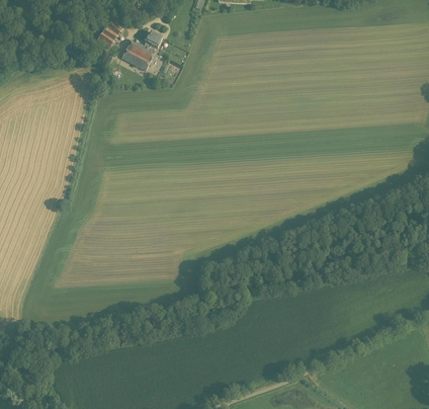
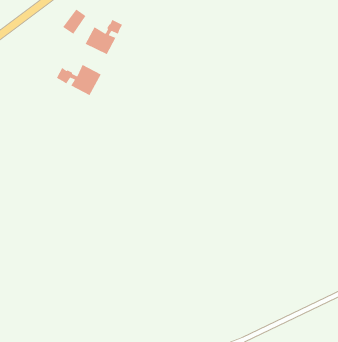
building: none -> [56,64,102,96]

